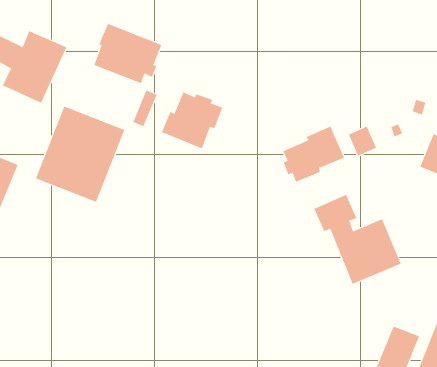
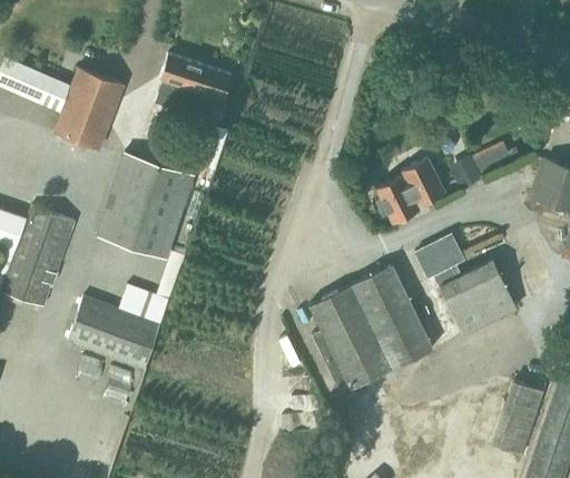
building: [161,92,223,149] -> none
building: none -> [308,265,434,394]
building: none -> [67,285,168,370]

